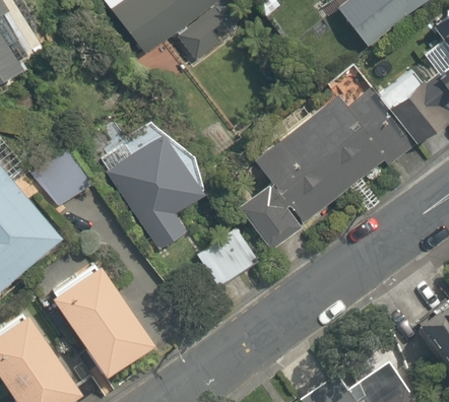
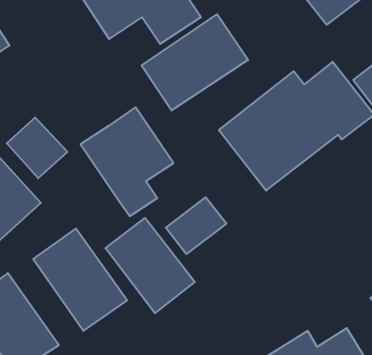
building: none -> [142,14,248,111]
building: [240,184,303,250] -> none
building: none -> [105,218,195,313]

